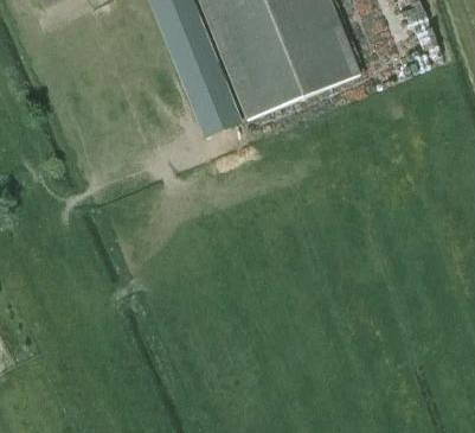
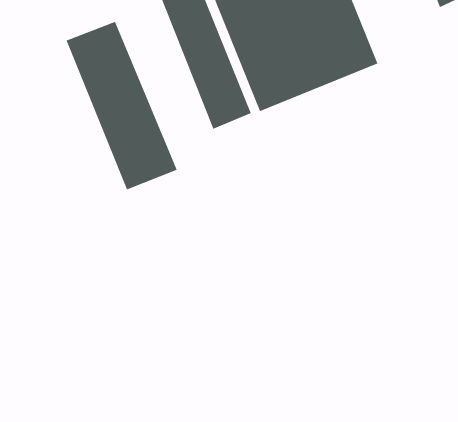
building: none -> [66,21,178,191]

